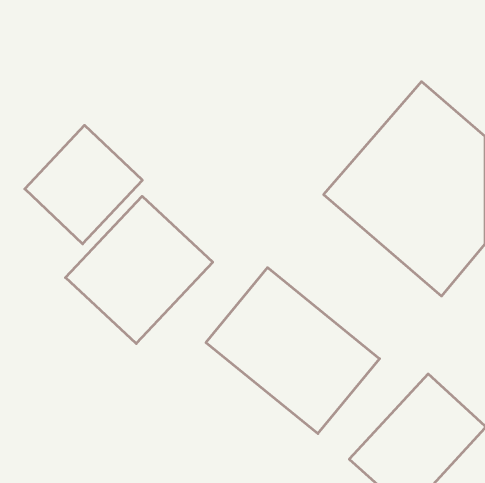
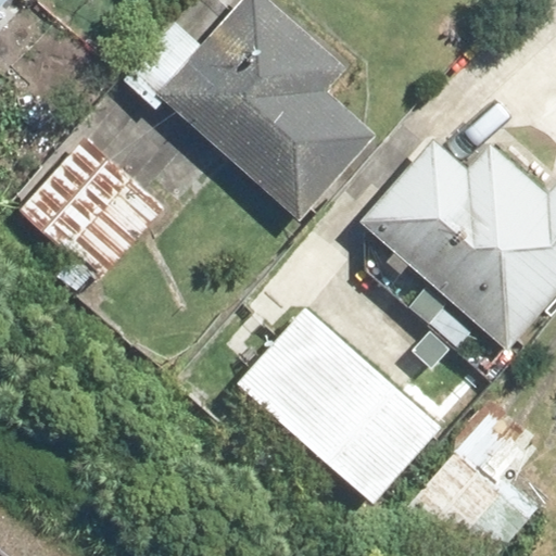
building: none -> [157,7,368,222]
building: [65,196,213,344] -> none

